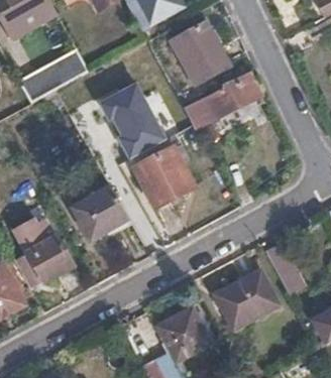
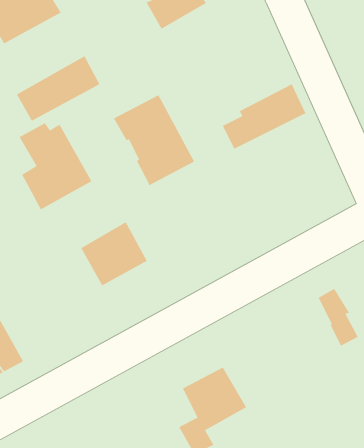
building: [172,23,230,85] -> none
building: [134,147,193,205] -> none
building: [11,215,73,288] -> [19,122,93,211]
building: [215,270,280,329] -> none

